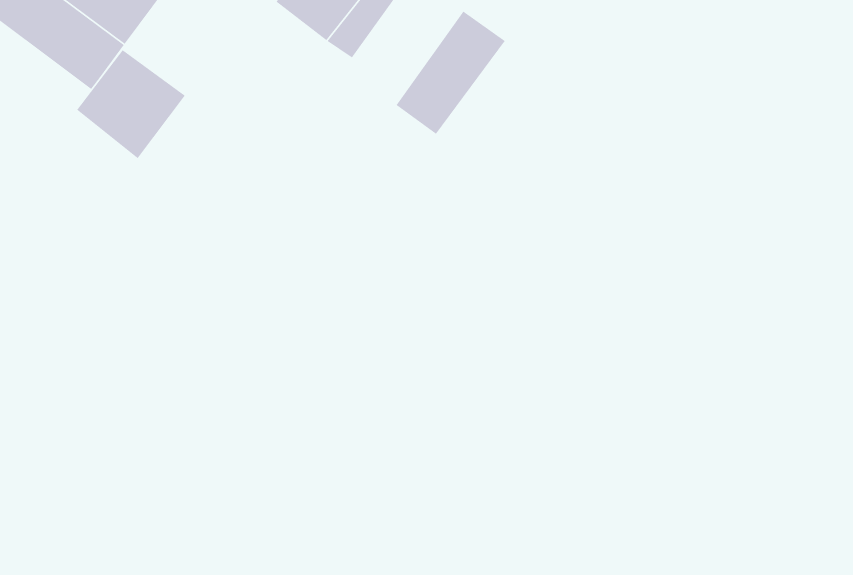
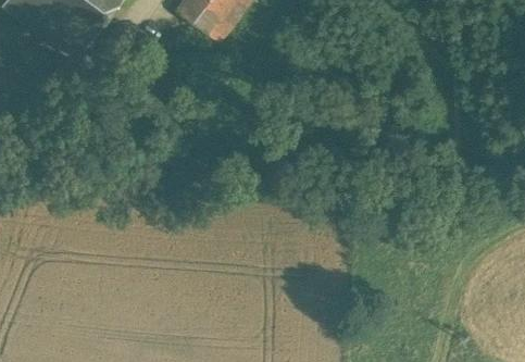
building: [396,10,506,135] -> none
building: [76,49,186,159] -> none

